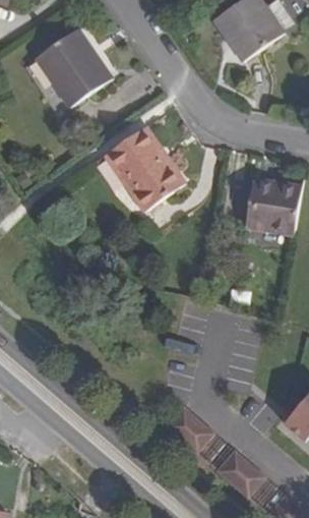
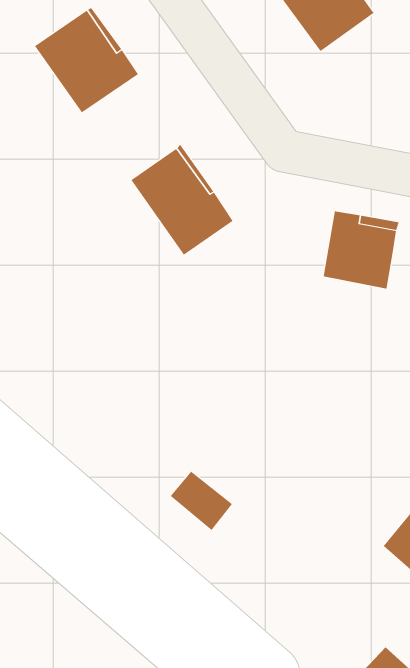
building: [170,408,215,452] -> [170,471,233,531]
building: [222,450,268,496] -> none

